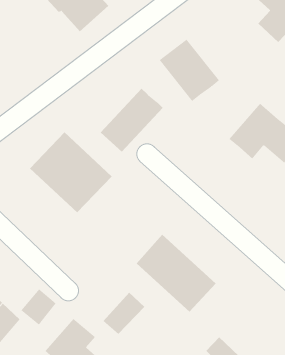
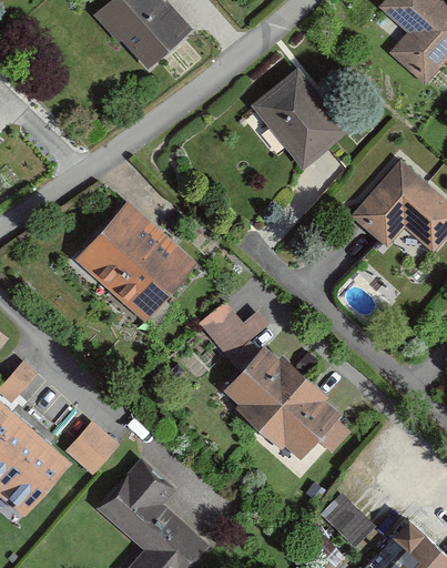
building: [100,88,164,153] -> none
building: none -> [199,304,267,359]
building: [102,292,145,335] -> none

